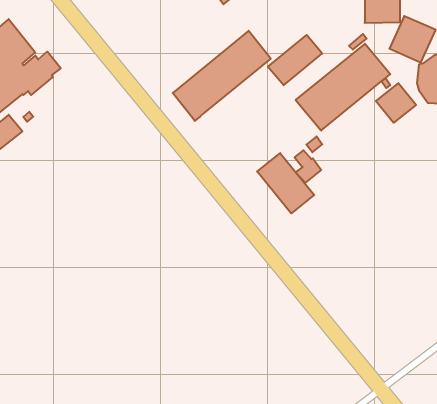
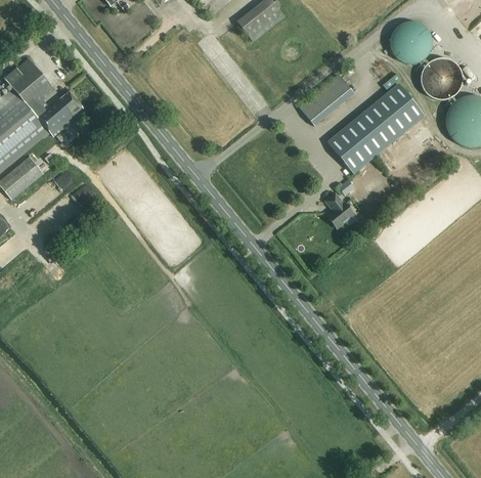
building: [173,31,271,121] -> none
building: [376,83,416,123] -> none
building: [257,153,314,213] -> none

